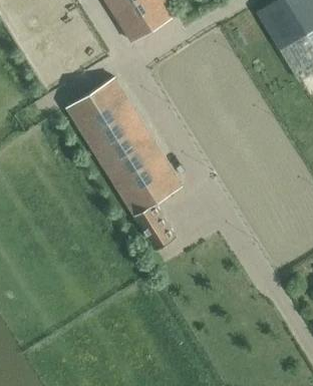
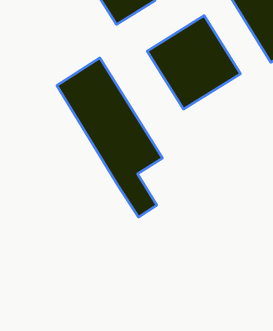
building: none -> [147,16,240,109]

